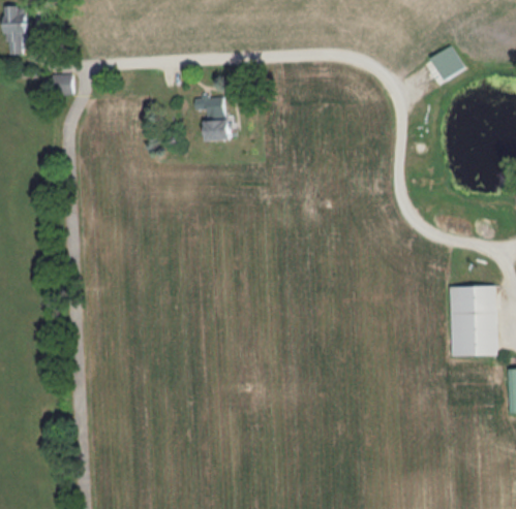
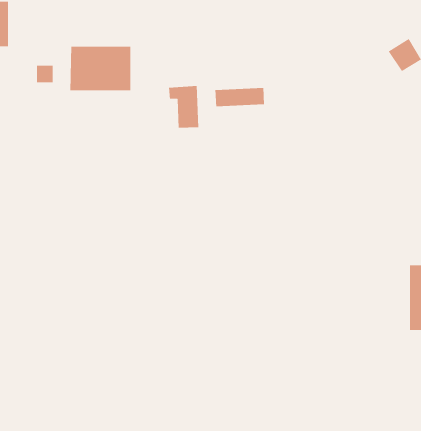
building: none -> [70,46,131,91]
building: none -> [215,87,265,107]

